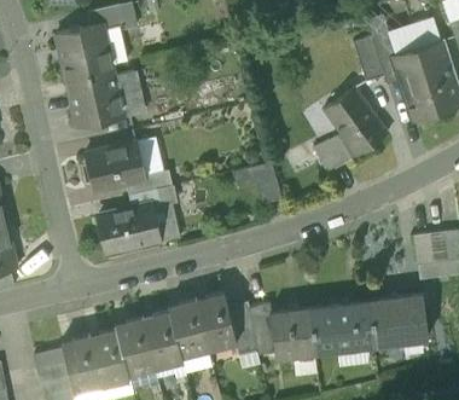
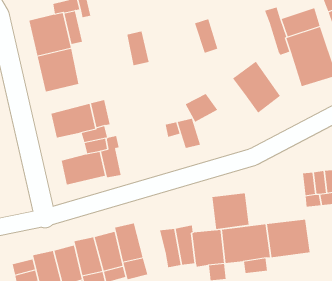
building: [353,35,384,81] -> [194,19,218,54]
building: [115,70,145,116] -> [127,31,150,66]
building: [314,133,358,172] -> [185,93,218,123]
building: none -> [212,193,249,230]
building: [196,291,236,344] -> none

